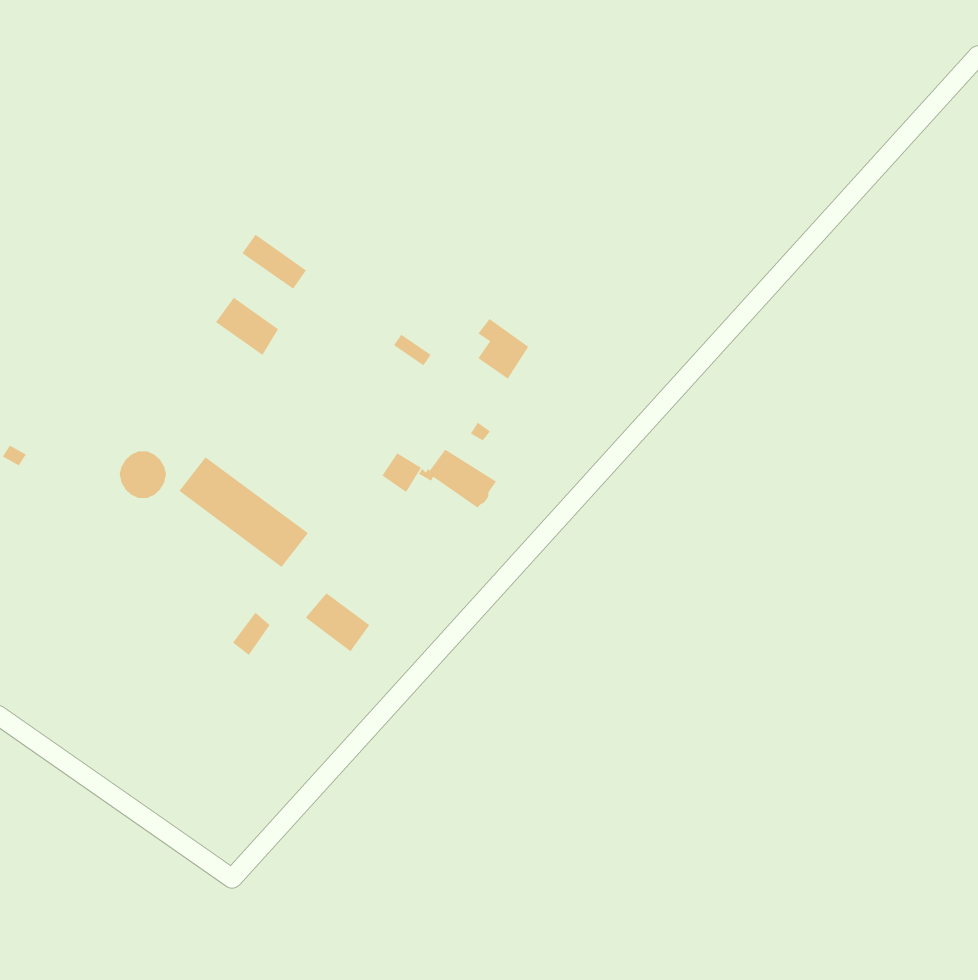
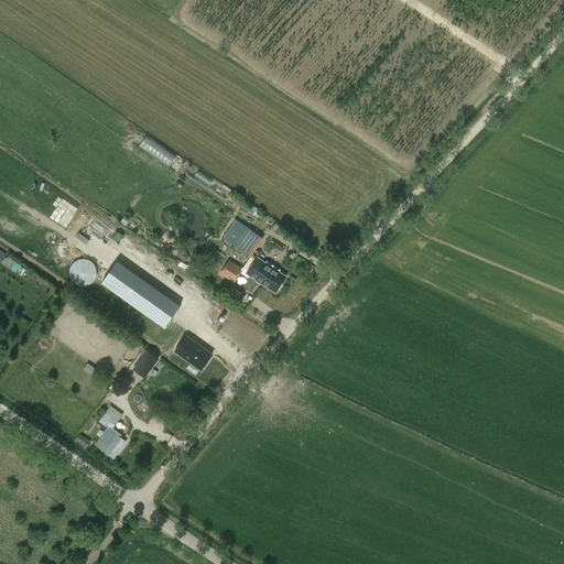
building: [215,297,279,356] -> none
building: [478,318,529,379] -> [229,219,259,254]
building: none -> [94,405,124,458]

